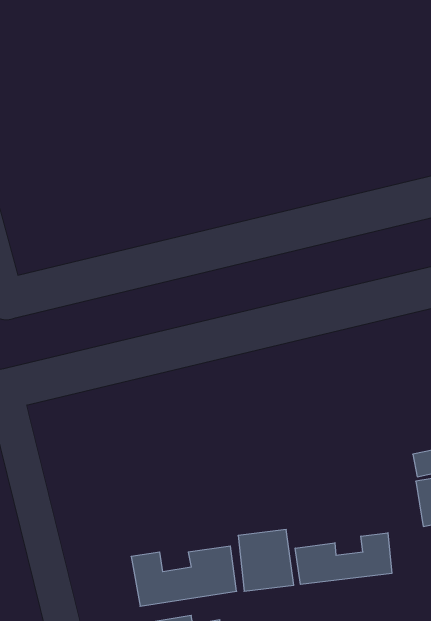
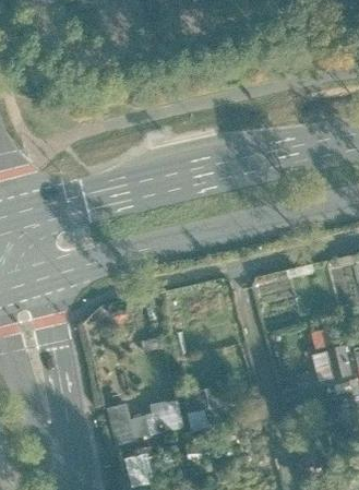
building: [295,533,392,584] -> none

